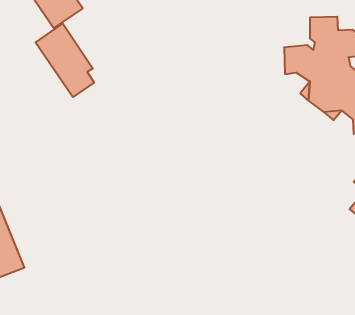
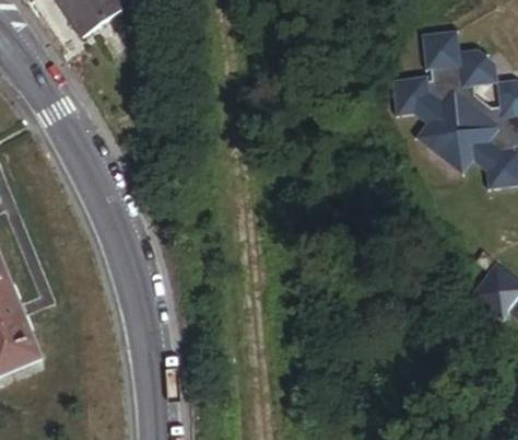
building: [36,24,94,97] -> none

